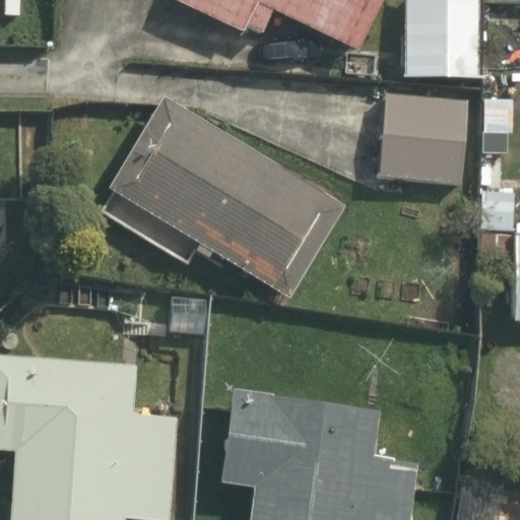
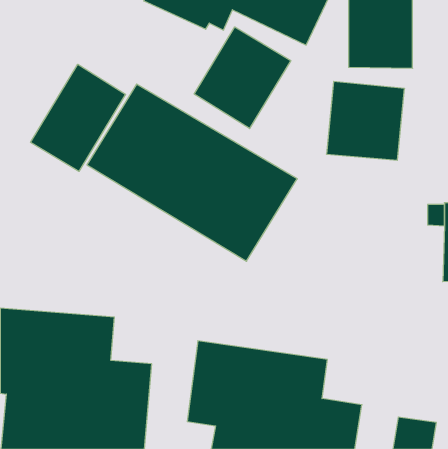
building: none -> [194,27,291,129]
building: none -> [31,64,126,171]

